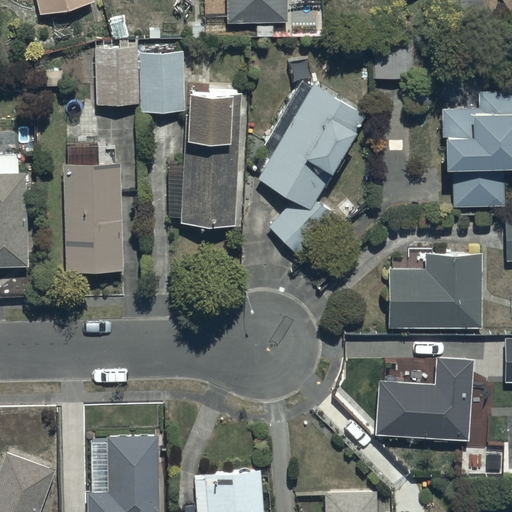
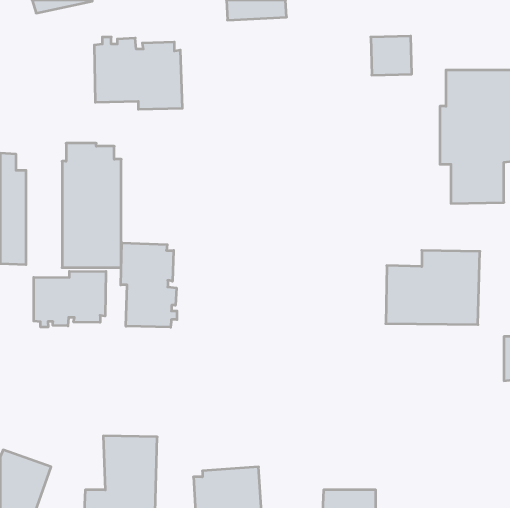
building: [257,81,367,259] -> none
building: [166,89,236,224] -> none
building: none -> [121,243,177,327]
building: none -> [34,271,106,327]
building: [376,357,474,443] -> none

